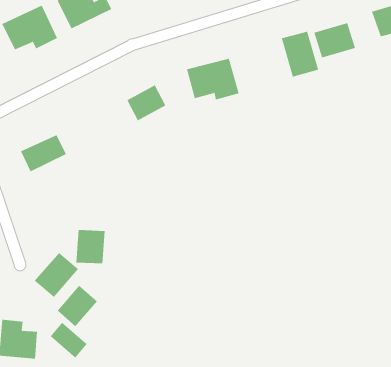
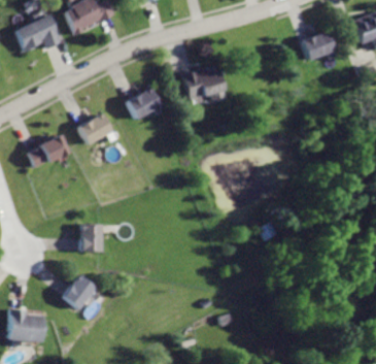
building: [281,31,319,77] -> none
building: none -> [79,112,117,145]
building: [34,252,79,298] -> none
building: [50,322,88,358] -> none

